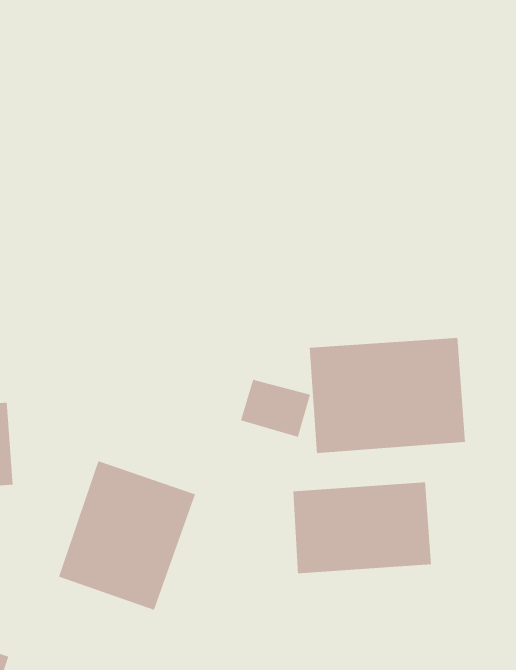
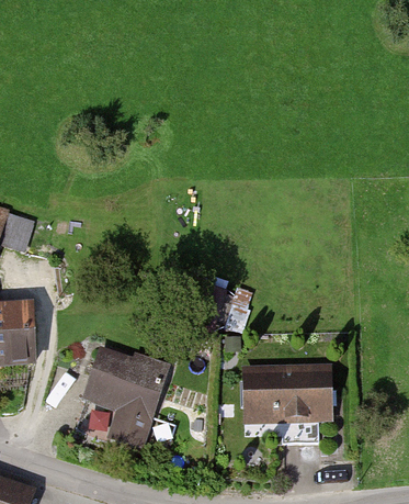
building: [309,337,466,454] -> none

